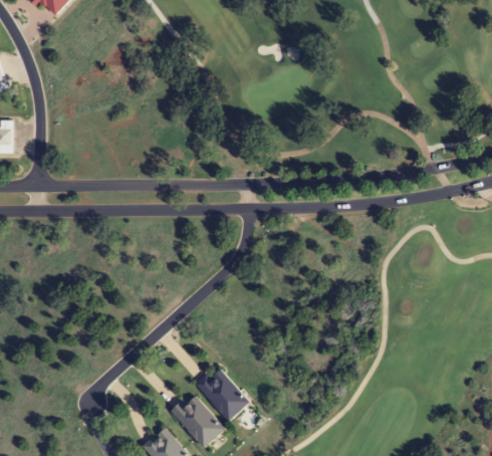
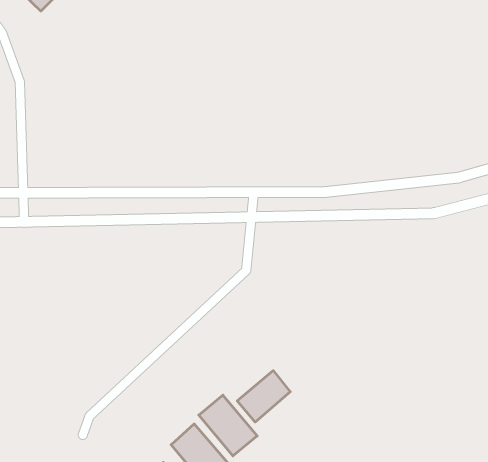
building: none -> [237,371,290,422]

